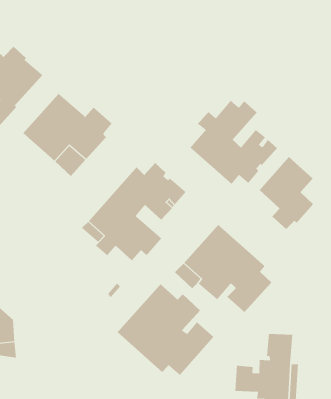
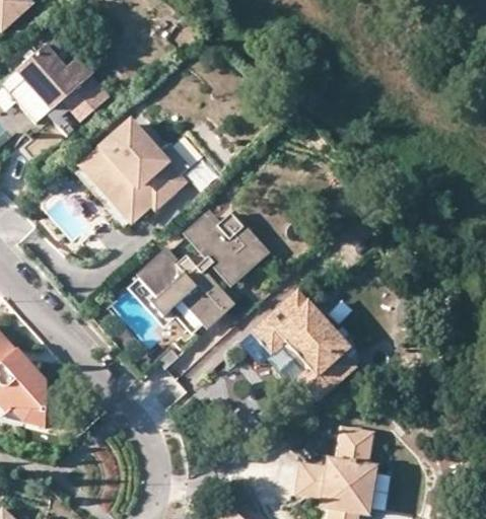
building: [190,100,278,185] -> none
building: [259,156,314,230] -> none
building: [117,284,214,376] -> none

